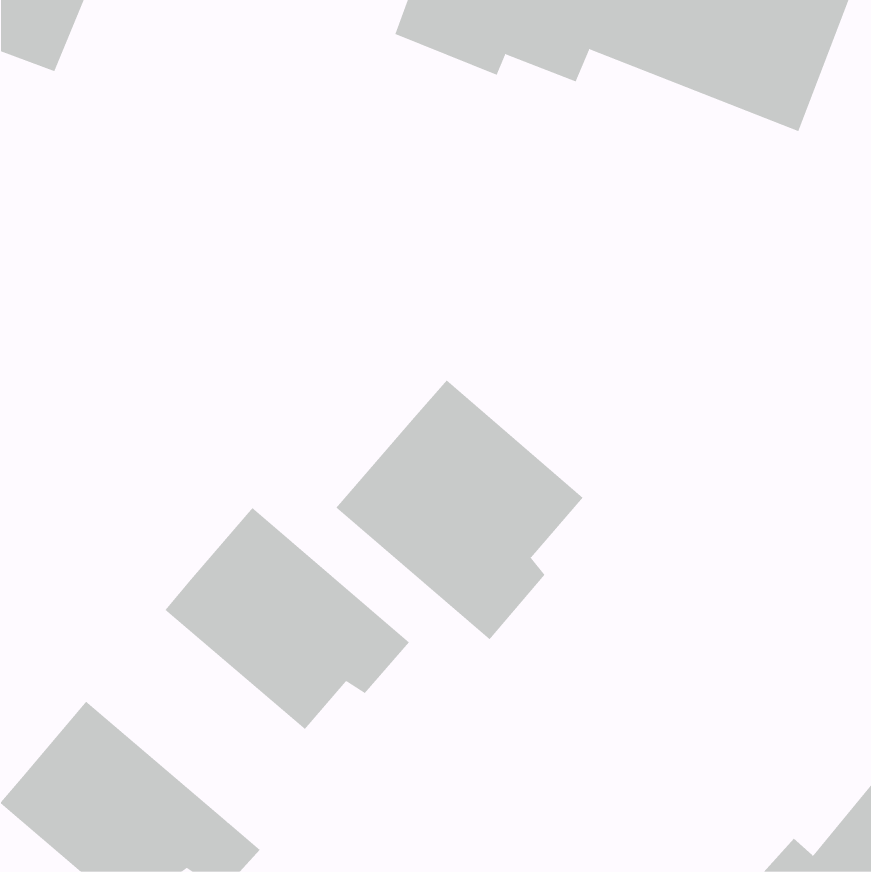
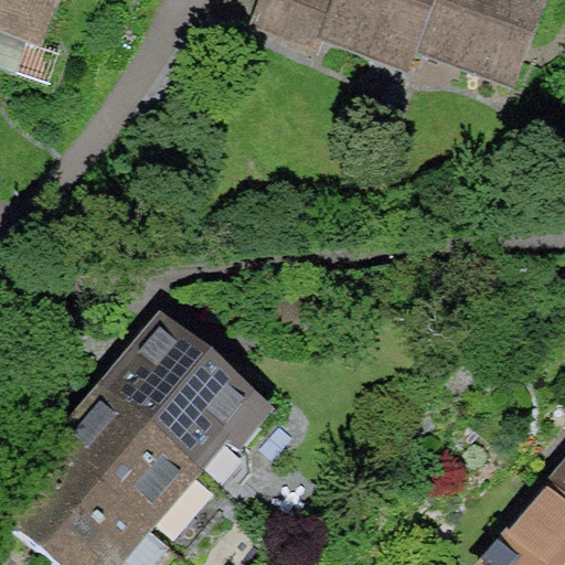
building: [336,379,583,640] -> none
building: none -> [58,393,200,530]

